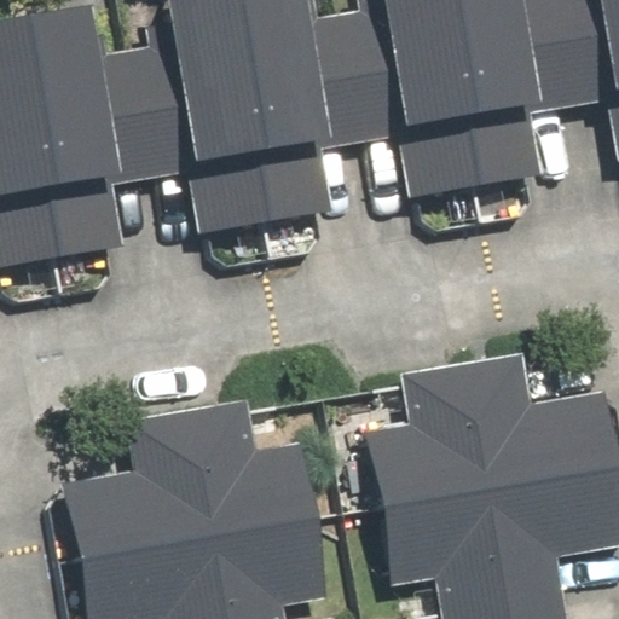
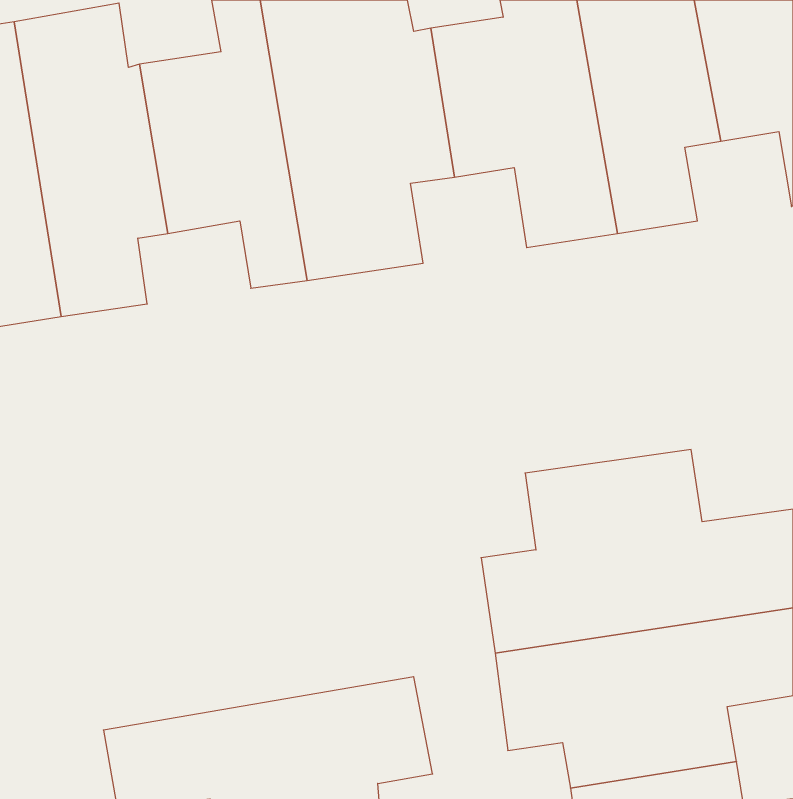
building: [66,400,319,565] -> none

